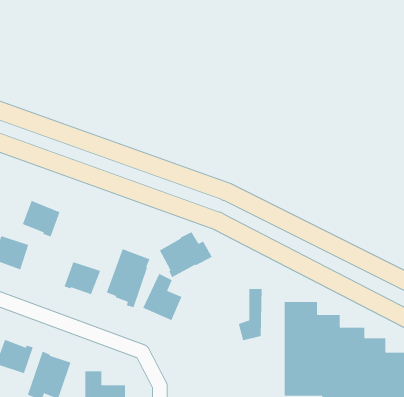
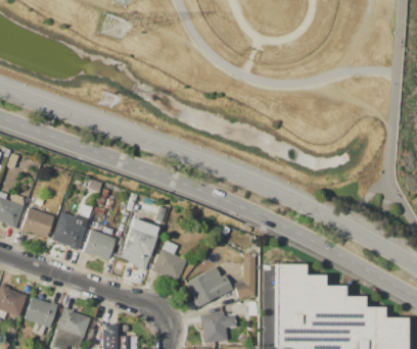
building: [22,200,61,238] -> [52,217,86,250]
building: [159,231,213,278] -> [187,266,234,307]
building: none -> [202,312,237,343]

